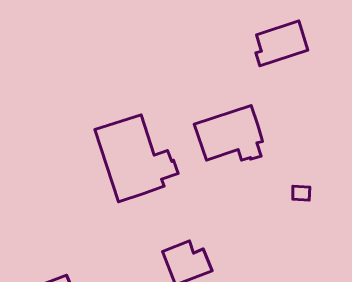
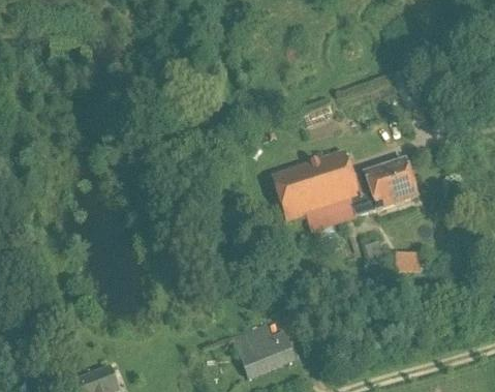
building: [256,21,308,66] -> [351,157,417,214]
building: [95,115,178,202] -> none

